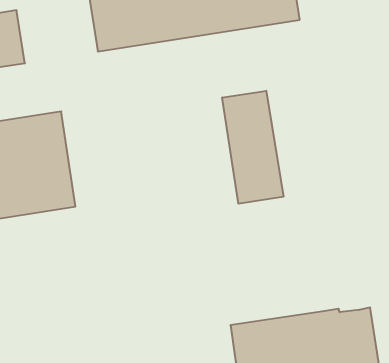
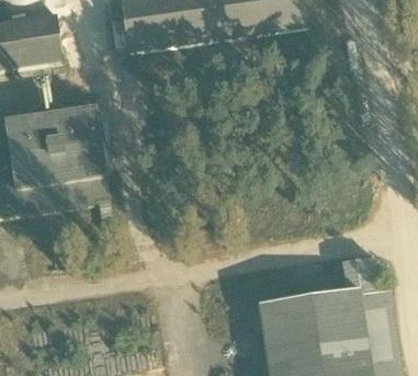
building: [222,91,283,204] -> none

